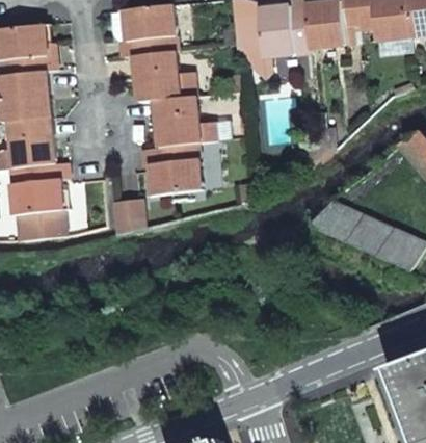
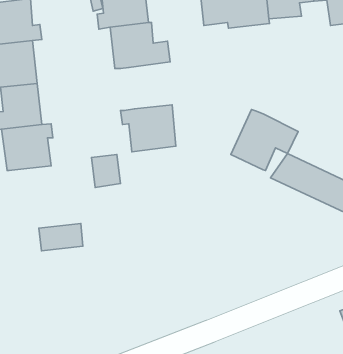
building: [152,95,218,147] -> none
building: none -> [231,110,298,170]
building: [19,210,68,240] -> [39,224,83,251]

